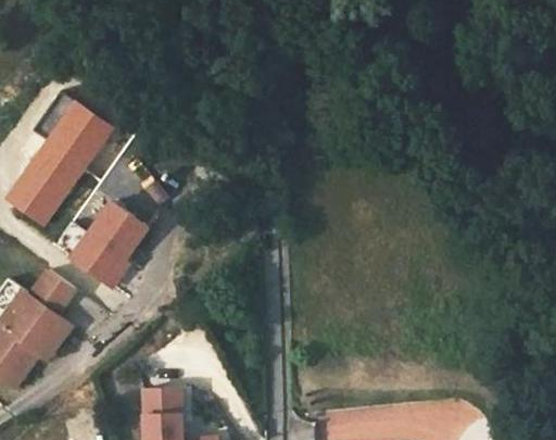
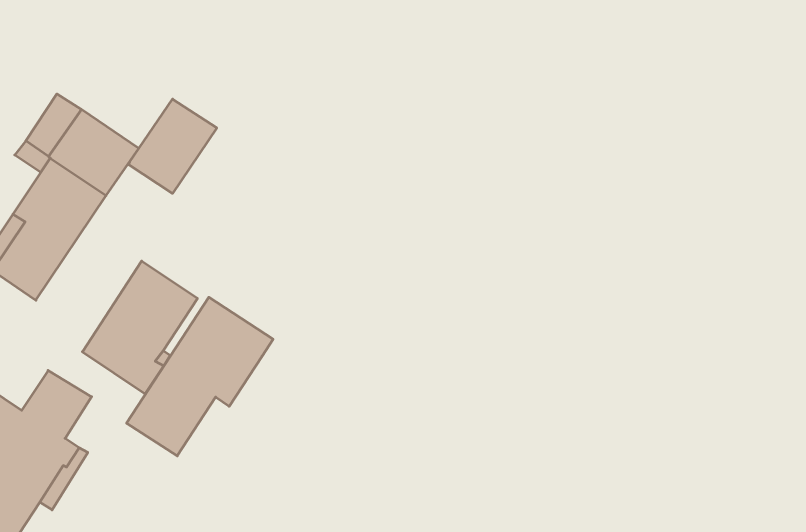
building: none -> [128,99,217,193]
building: none -> [127,297,273,456]

